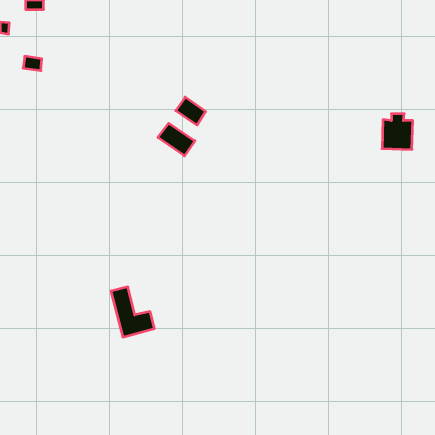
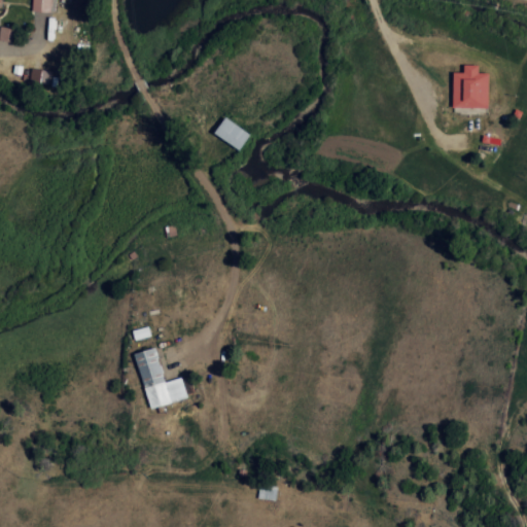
building: [382,114,413,149] -> [452,65,489,108]
building: [158,123,195,156] -> none

